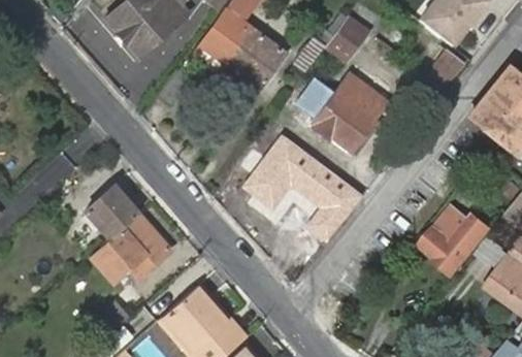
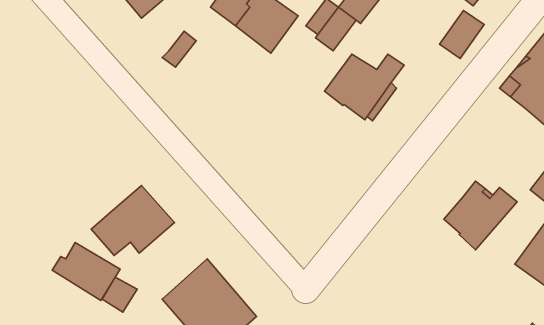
building: [243,133,363,241] -> none
building: [84,186,137,238] -> none
building: none -> [52,242,120,301]

